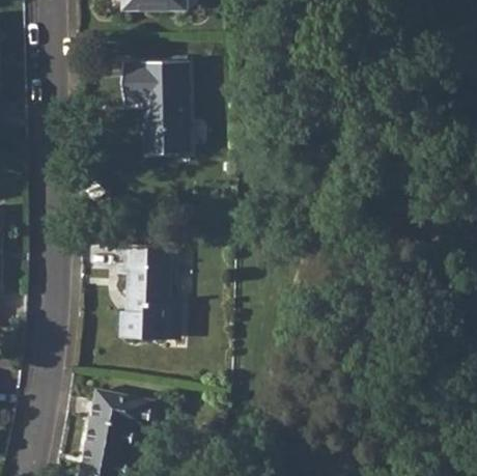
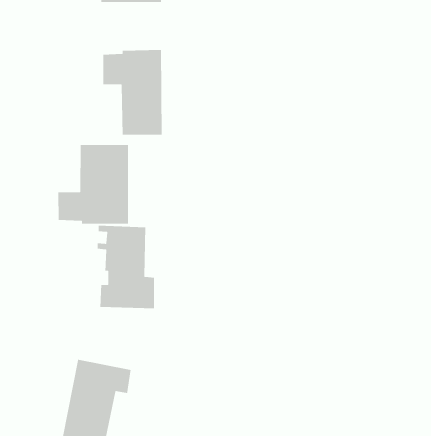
building: none -> [57,144,129,225]

